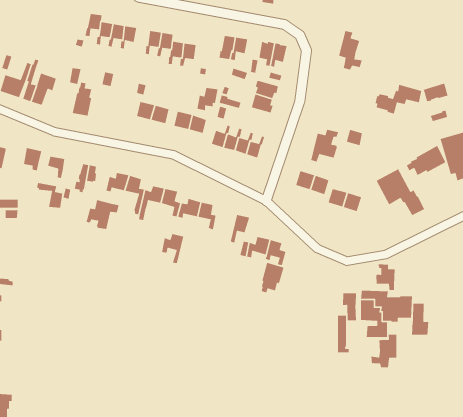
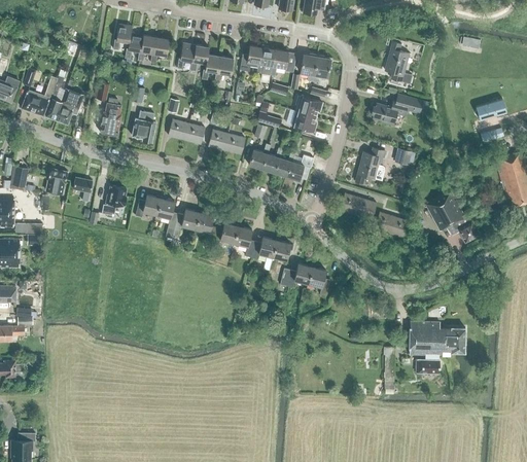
building: [374,84,422,115] -> [371,93,422,126]
building: [196,87,218,111] -> [239,45,262,71]
building: none -> [132,110,155,142]
building: [406,145,447,176] -> none
building: [36,182,63,208] -> none
building: [86,199,119,230] -> none
building: [161,233,184,264] -> [251,237,276,270]
building: [260,262,284,293] -> none
building: [375,263,396,291] -> none
building: [342,292,357,321] -> none
building: [411,303,429,335] -> none
building: [370,334,397,368] -> none

